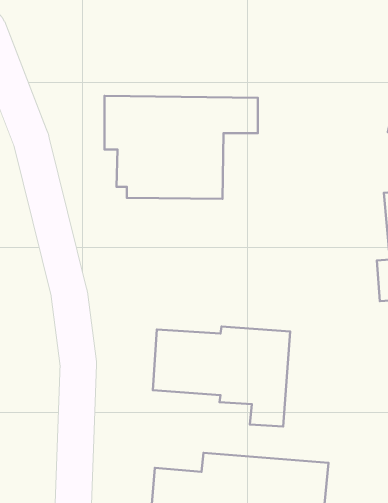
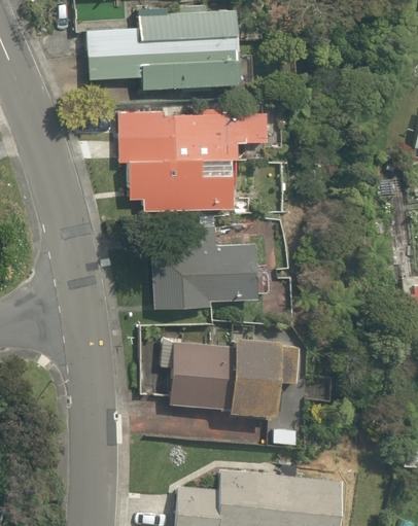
building: none -> [88,13,240,90]
building: none -> [152,239,268,308]

